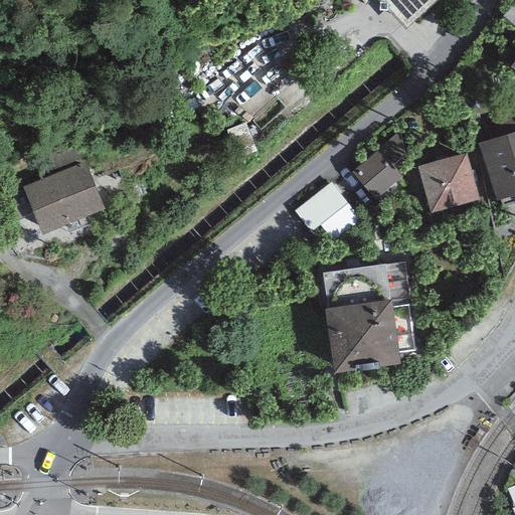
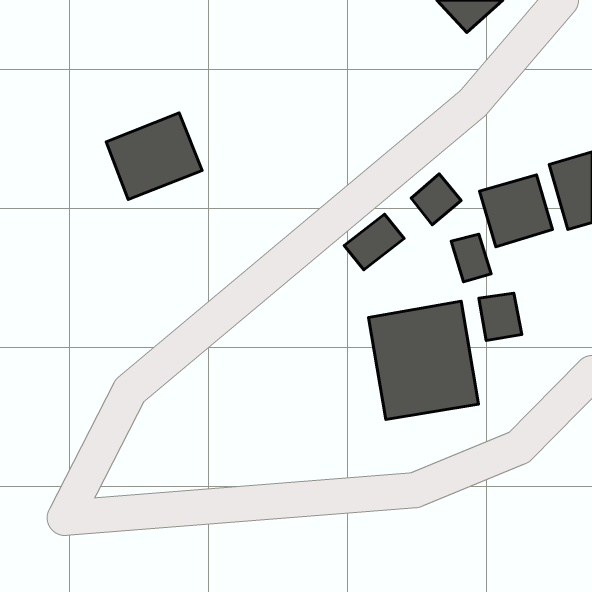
building: [22,161,106,236] -> [106,113,202,200]
building: none -> [451,234,491,282]
building: none -> [479,293,522,340]

